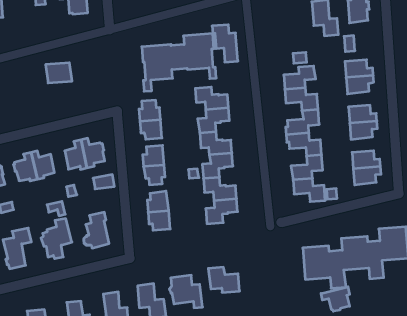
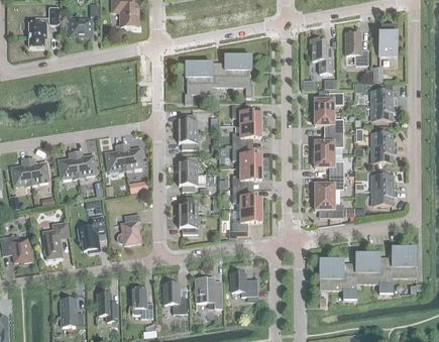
building: [212,25,238,62] -> [310,38,331,73]
building: [46,63,72,83] -> [69,18,92,35]
building: [321,287,350,311] -> none

